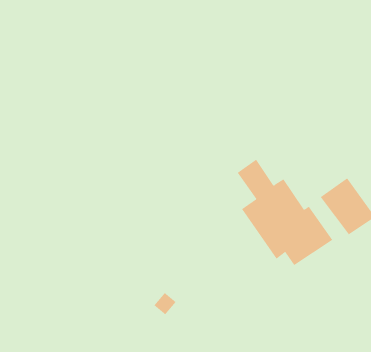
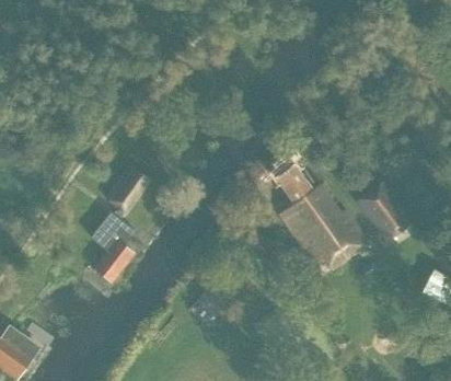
building: none -> [89,166,149,282]

